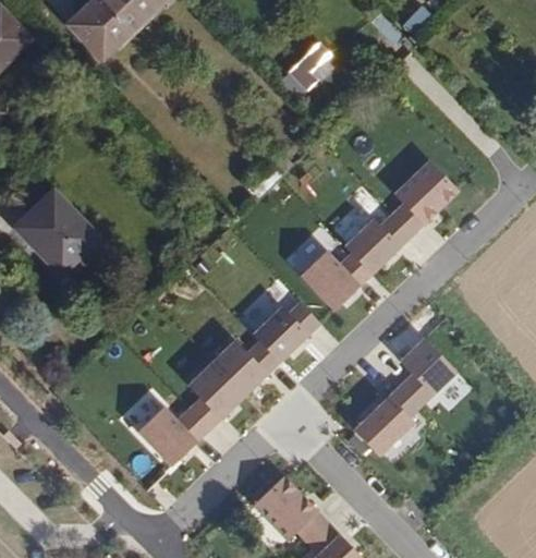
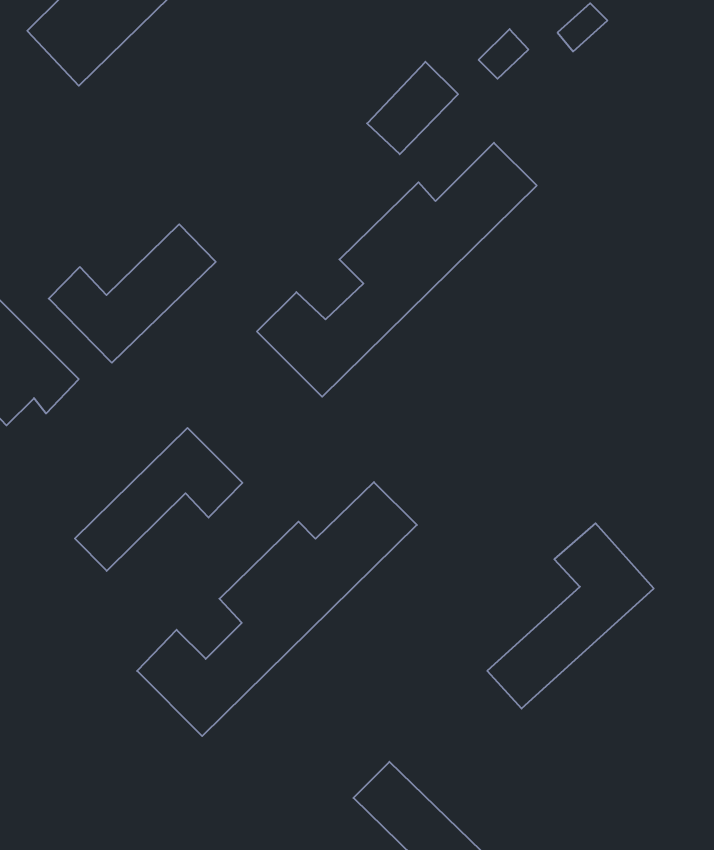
building: none -> [49,224,216,363]
building: [288,156,465,317] -> [257,143,537,397]
building: none -> [75,428,242,571]

